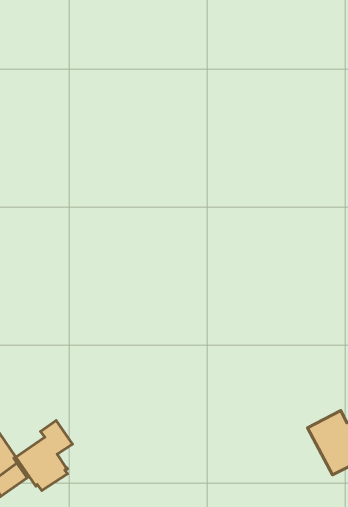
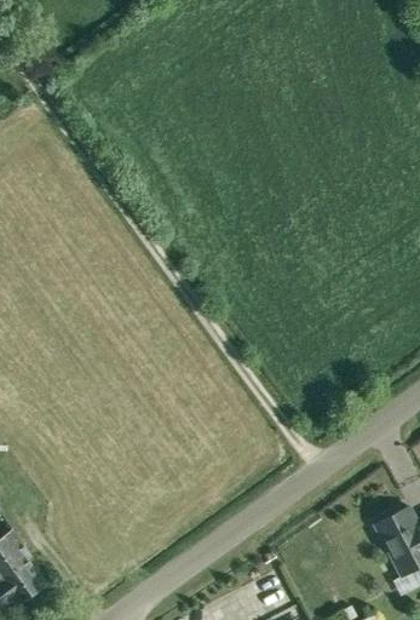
building: [16,421,73,490] -> none

